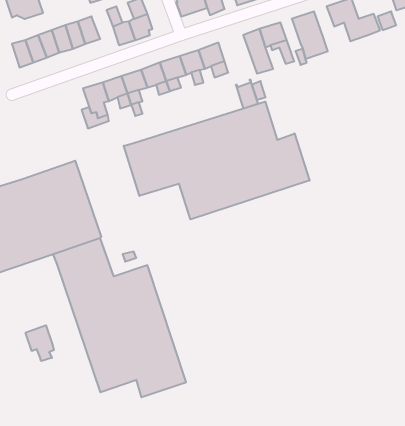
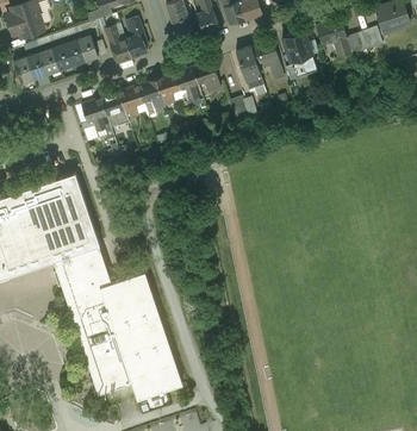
building: [124,102,310,219] -> none
building: [26,325,54,361] -> none

